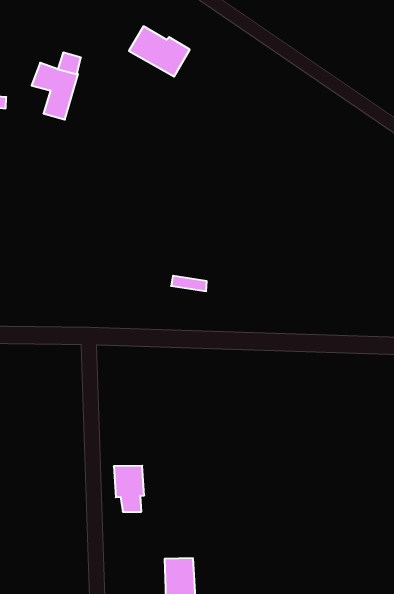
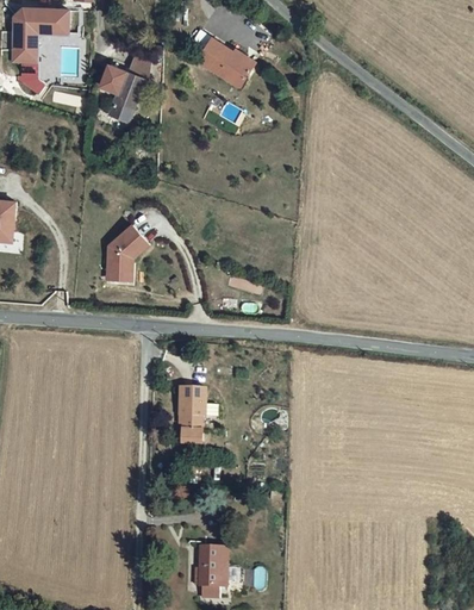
building: none -> [107,222,150,270]
building: [114,466,144,512] -> [177,386,205,431]

